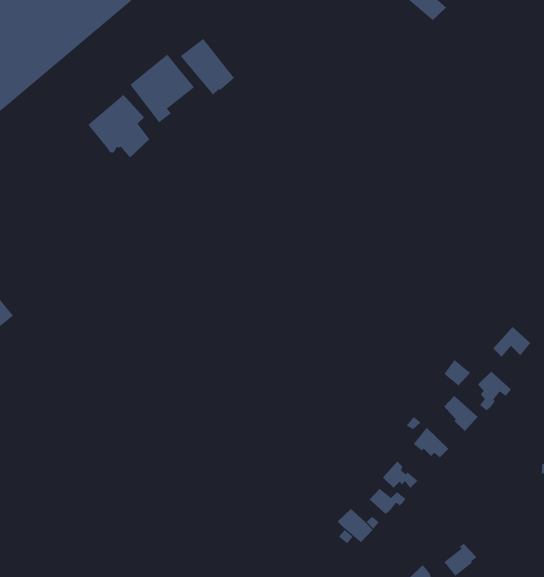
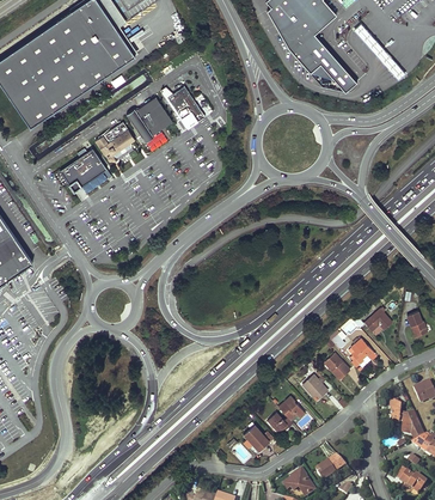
building: none -> [60,147,108,191]

